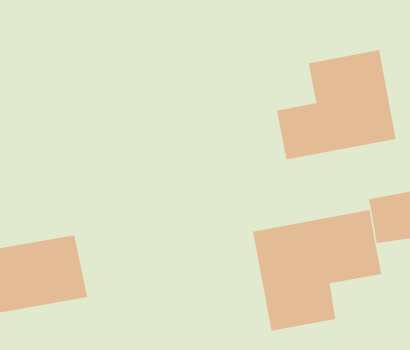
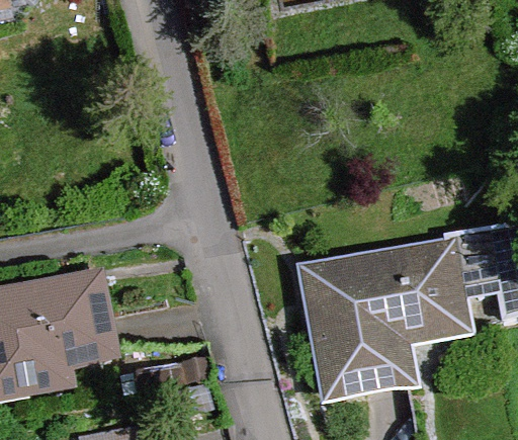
building: [276,49,397,160] -> none

